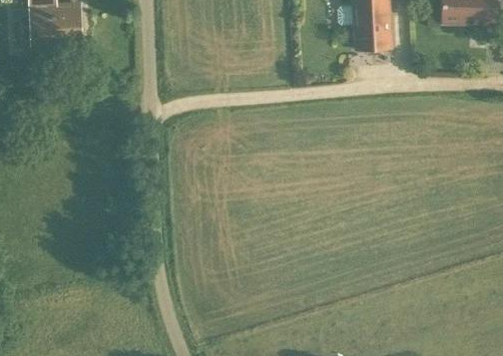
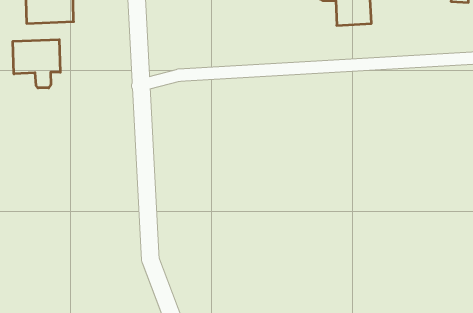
building: none -> [13,40,60,88]

